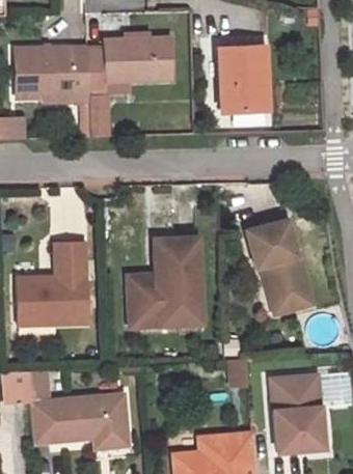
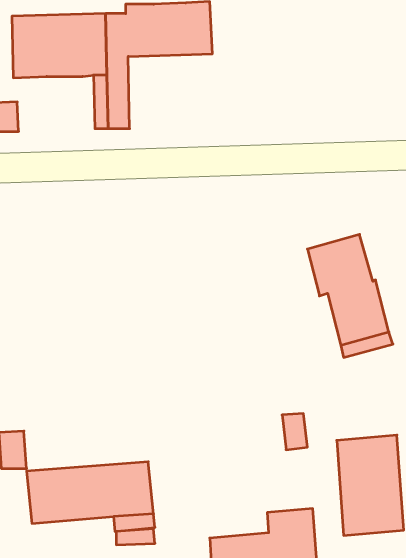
building: [216,47,267,113] -> none
building: [126,236,200,324] -> none
building: [17,242,86,324] -> none

